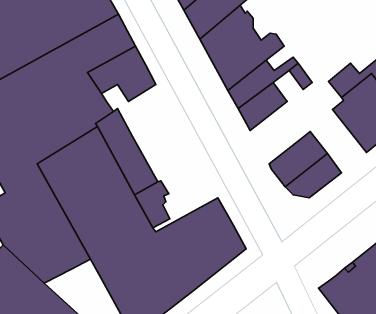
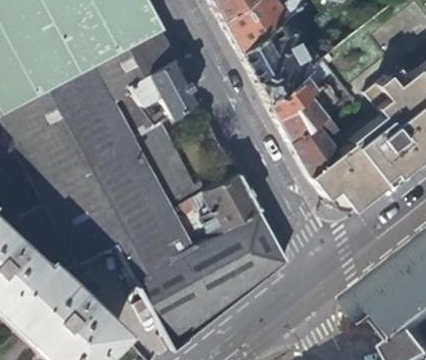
building: none -> [289,112,340,174]
building: none -> [350,120,406,184]
building: none -> [192,170,257,243]

